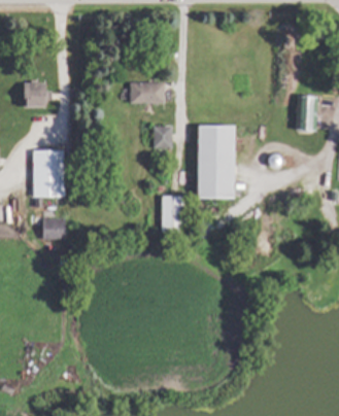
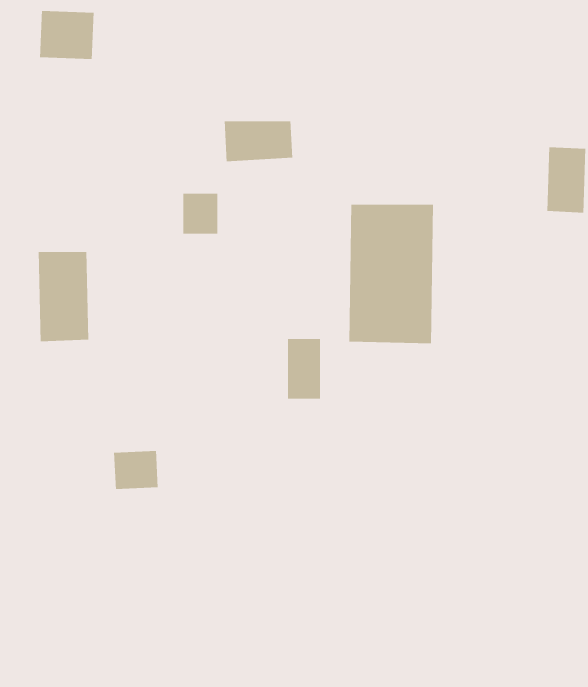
building: [21,81,49,107] -> [39,10,95,60]
building: [155,126,173,147] -> [183,193,218,235]
building: [42,218,66,239] -> [113,450,159,490]

